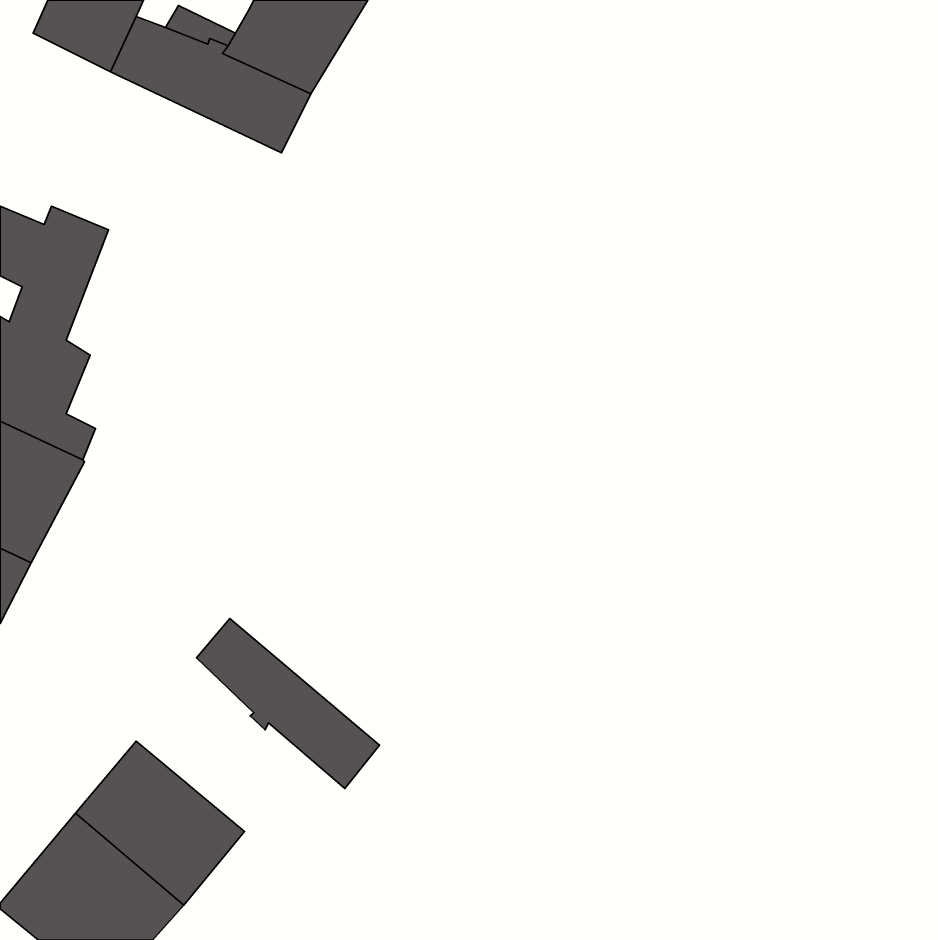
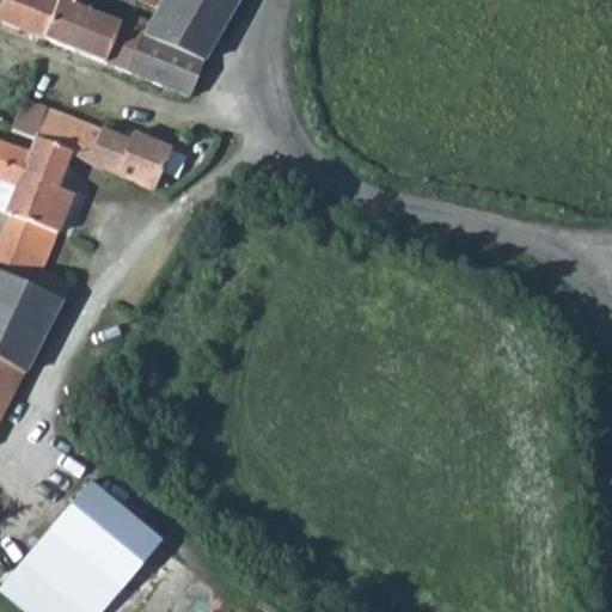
building: none -> [17,81,171,188]
building: [196,619,379,789] -> none

